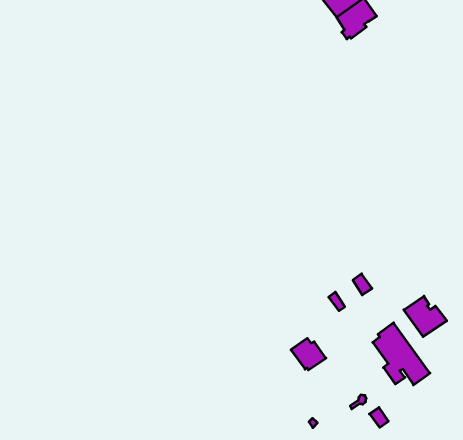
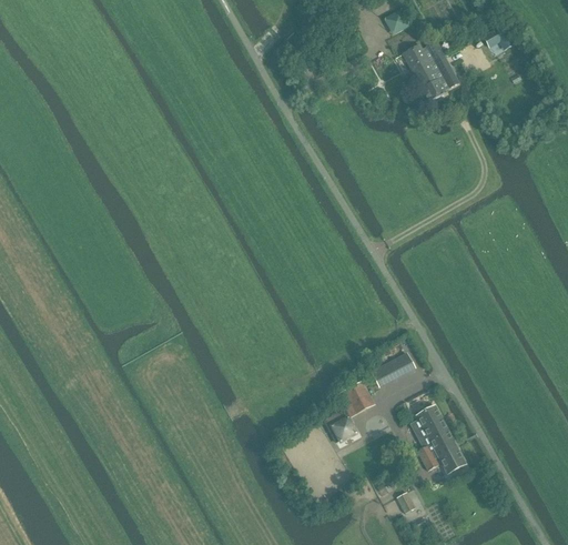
building: [404,296,447,337] -> none
building: none -> [337,381,375,417]

